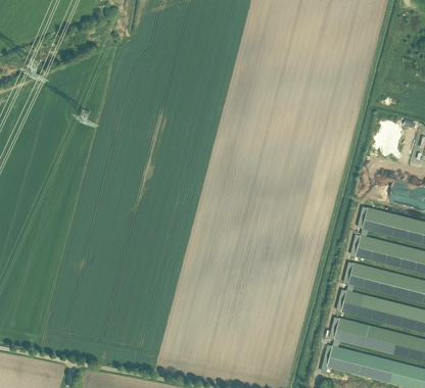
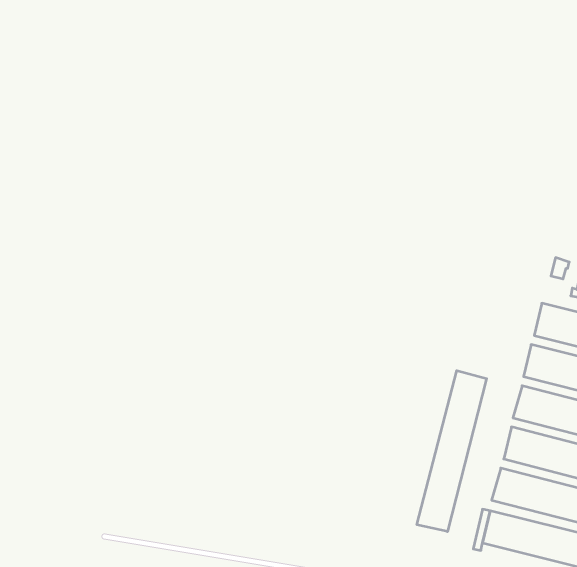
building: none -> [417,371,487,532]

